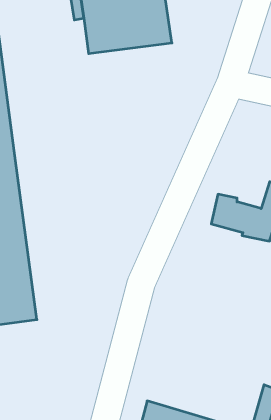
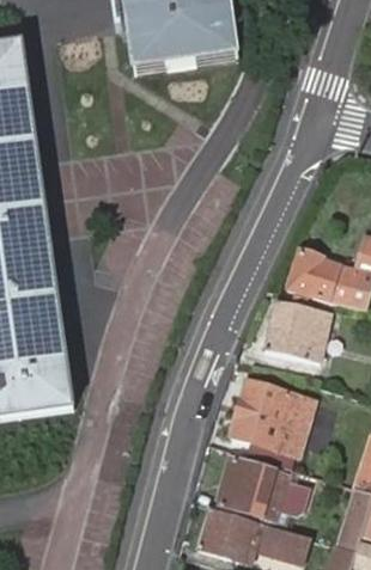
building: none -> [263,293,330,363]
building: none -> [231,380,304,452]
building: none -> [221,459,291,520]

